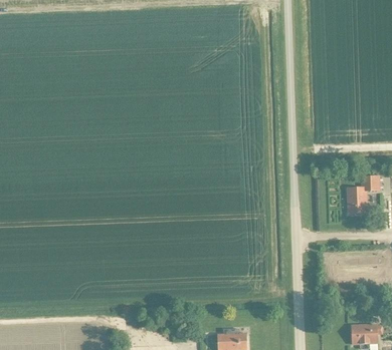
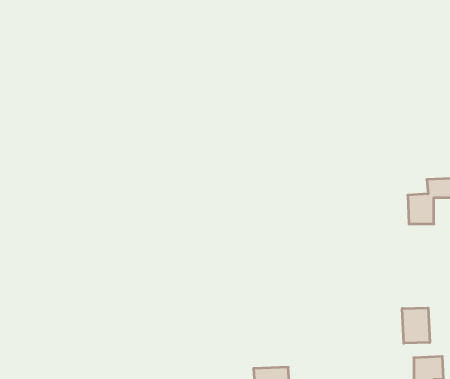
building: none -> [402,308,430,343]

